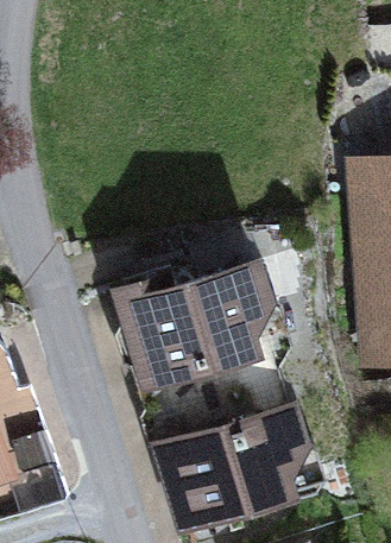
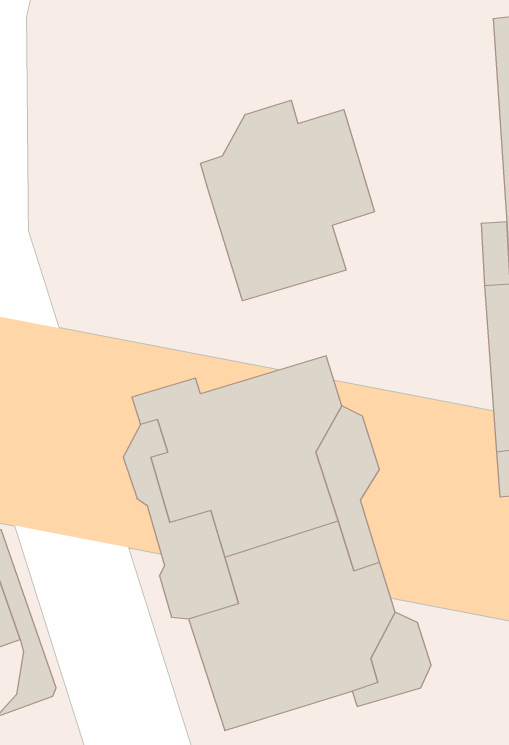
building: none -> [201,100,375,301]

